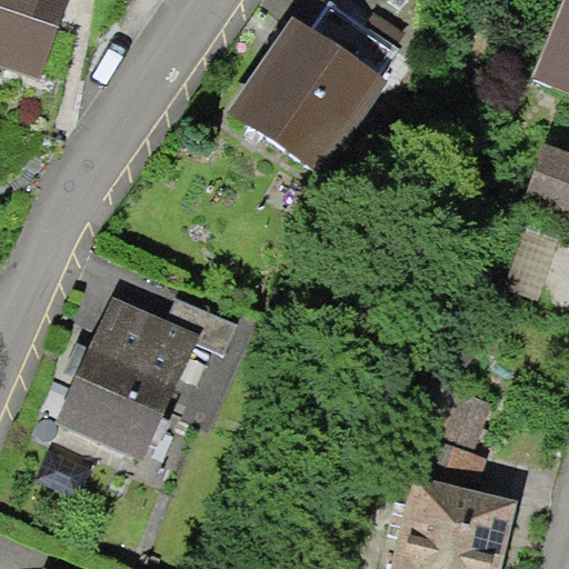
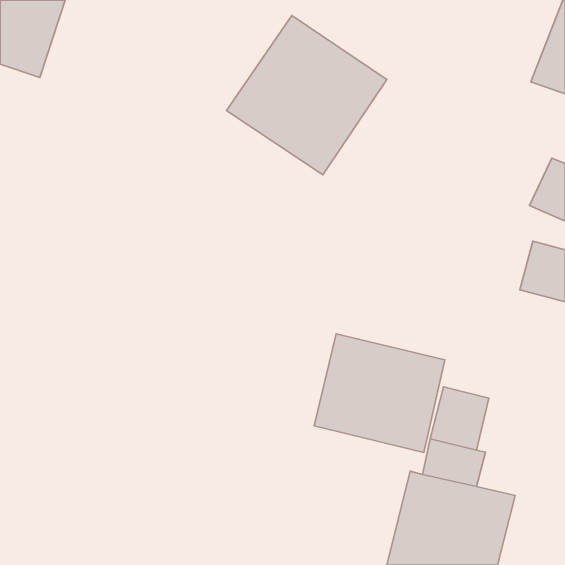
building: [51,296,200,458] -> none
building: none -> [314,334,445,453]

